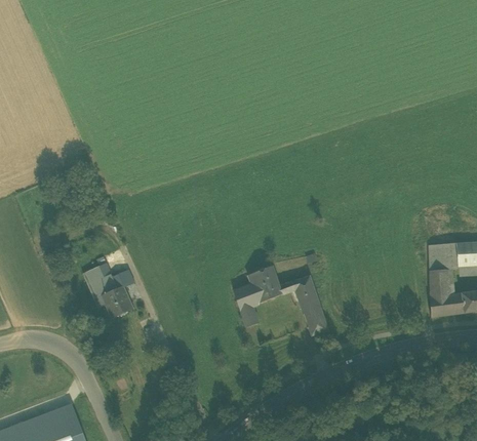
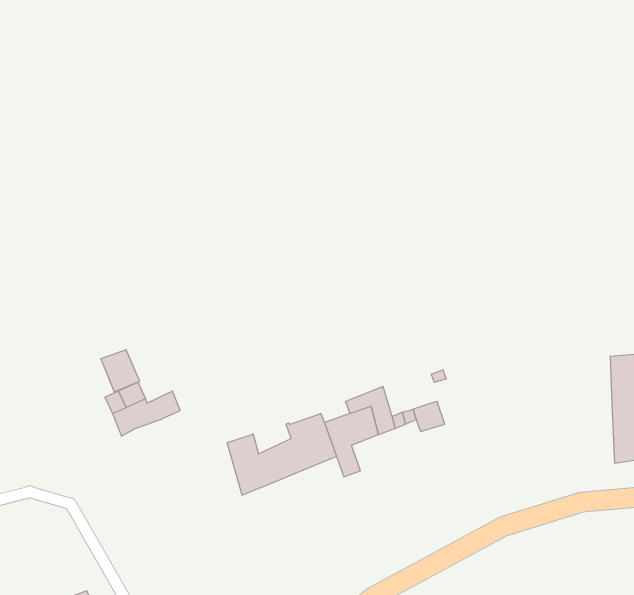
building: none -> [227,413,336,495]
building: [104,287,130,316] -> [101,350,140,392]
building: [299,290,327,335] -> none

